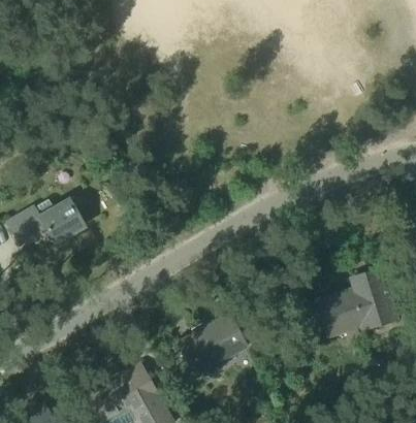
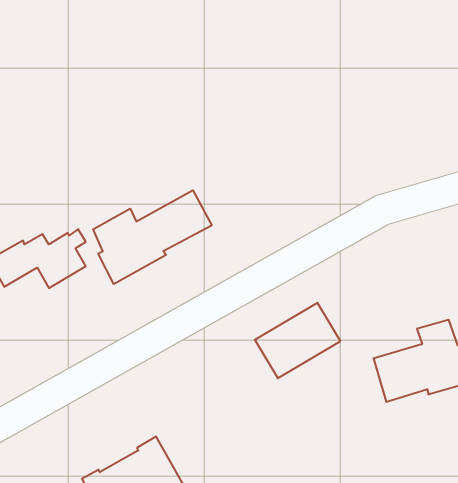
building: none -> [93,190,212,284]
building: [179,313,248,373] -> [255,303,340,378]

